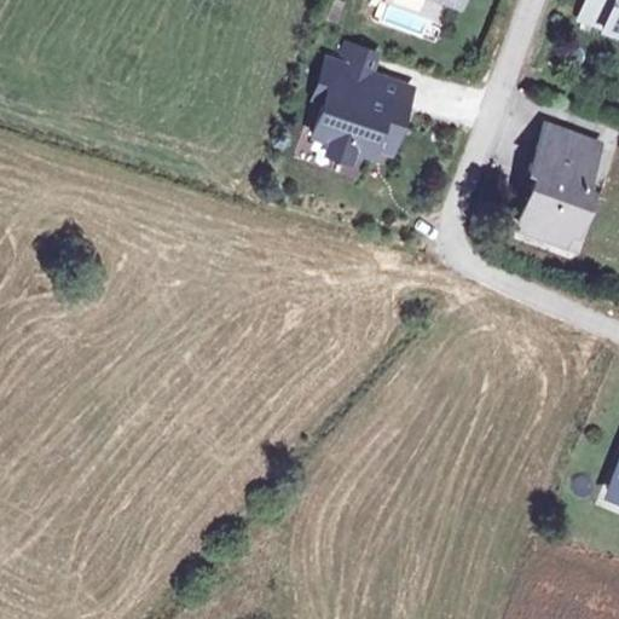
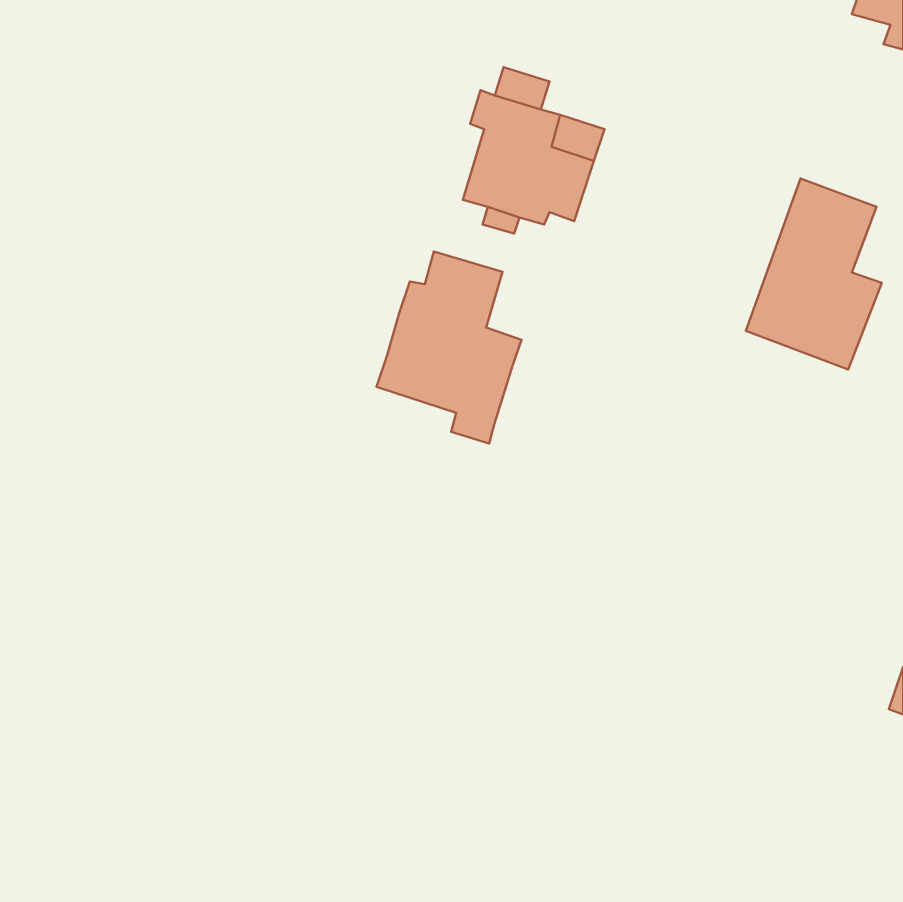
building: none -> [376,251,521,443]

